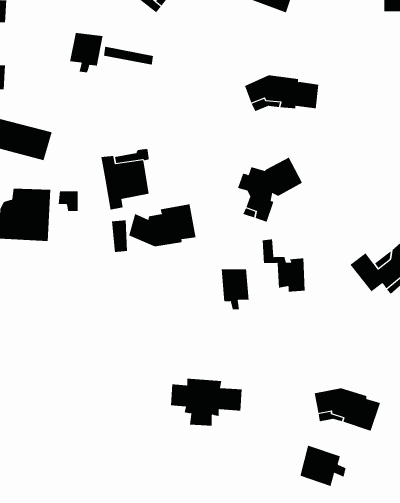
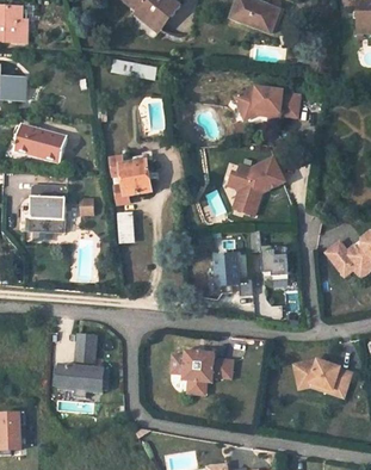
building: [69,32,103,73] -> none
building: [128,203,196,247] -> none
building: none -> [57,334,104,397]
building: [300,445,346,487] -> none

